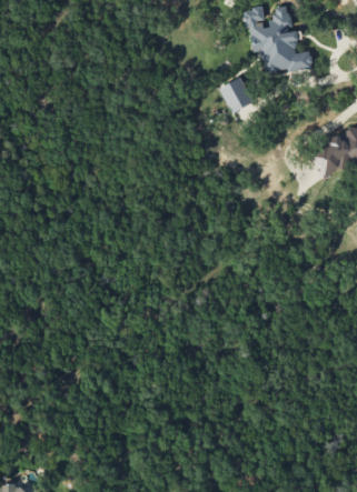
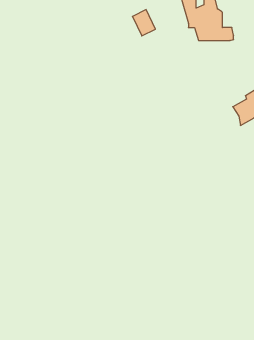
building: [220,79,250,113] -> [132,10,155,36]

